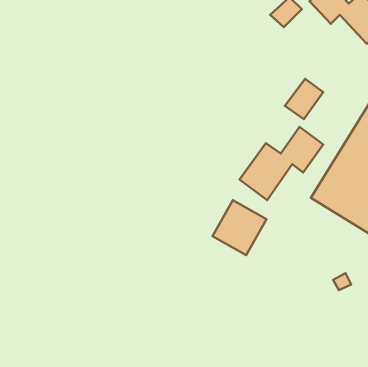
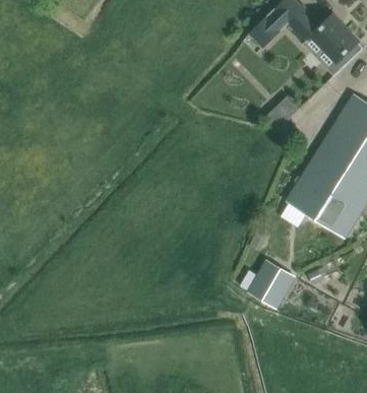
building: [240,127,323,200] -> none
building: [213,200,266,255] -> [247,259,296,309]

